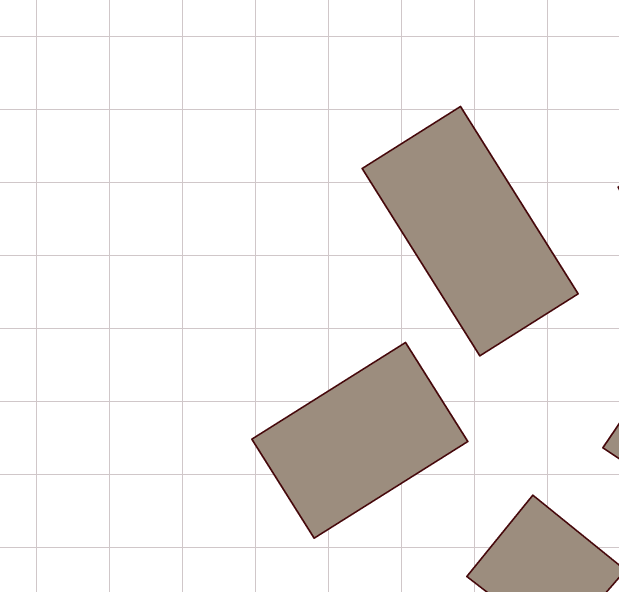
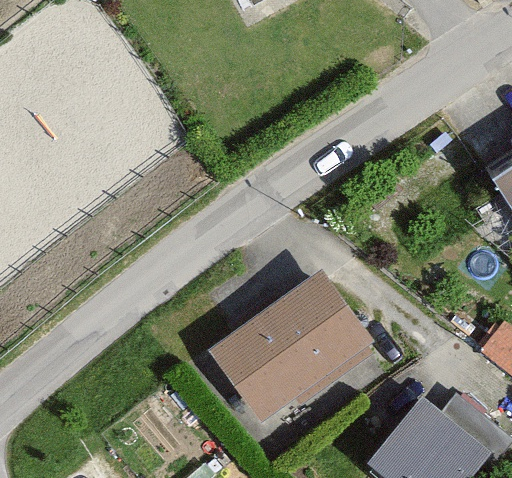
building: [362,106,578,356] -> none

